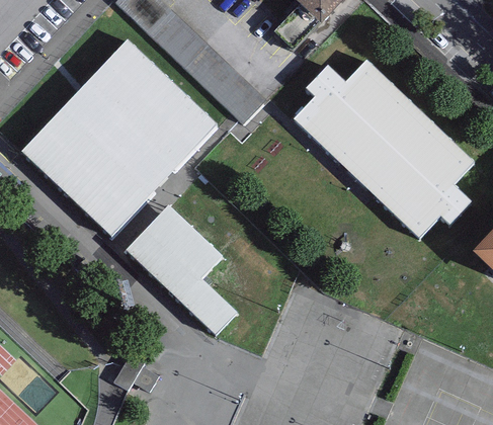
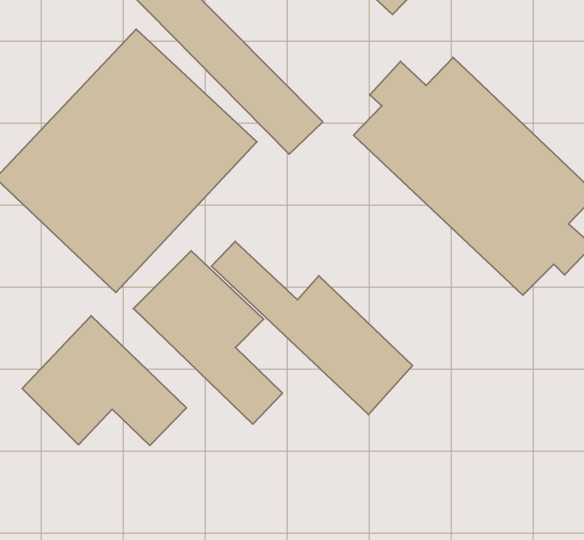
building: none -> [211,241,412,415]
building: none -> [22,316,186,445]

